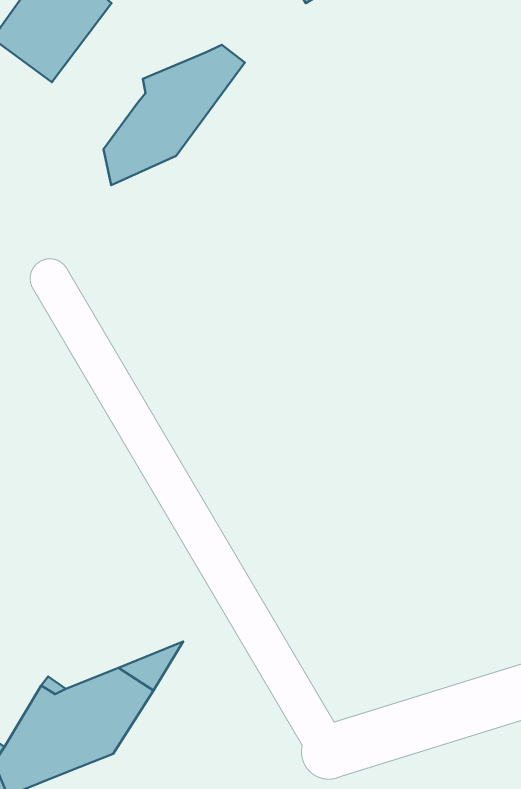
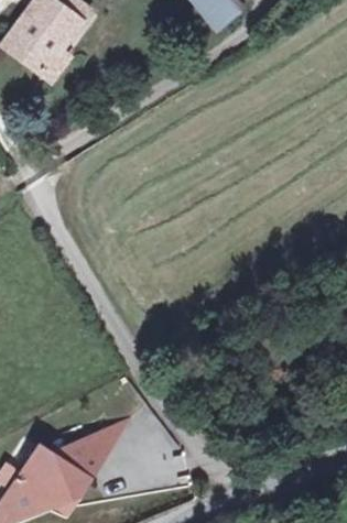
building: [104,45,245,185] -> none

